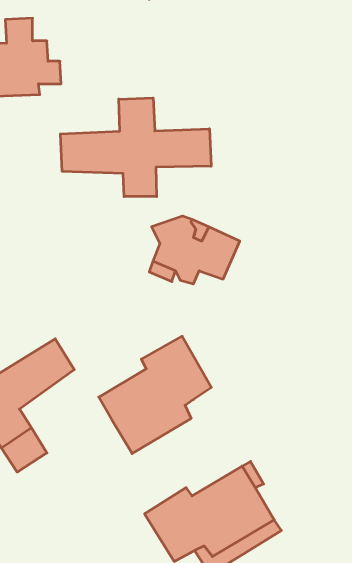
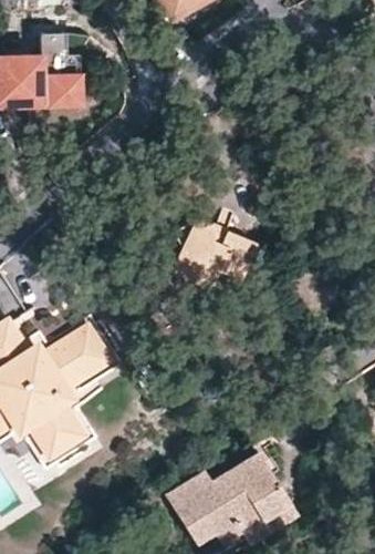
building: [60,98,211,197] -> none
building: [99,336,211,454] -> none

